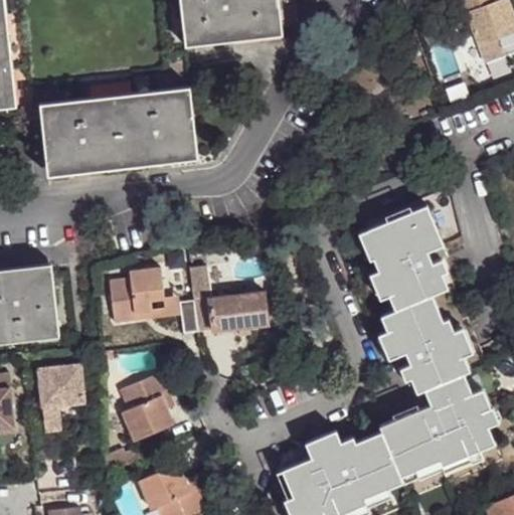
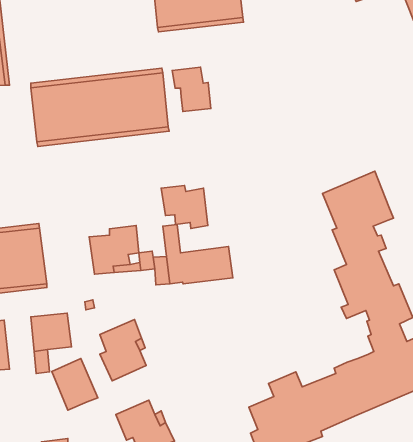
building: none -> [172,67,211,111]
building: none -> [161,185,208,229]
building: none -> [52,359,98,410]

